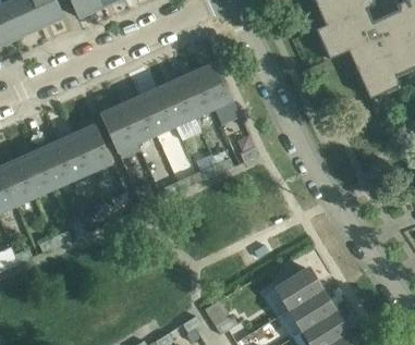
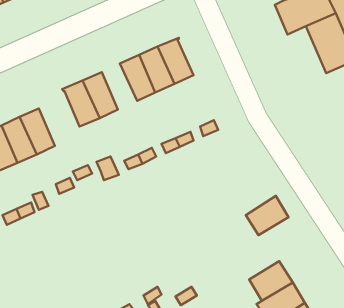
building: [139,88,175,135] -> none
building: [75,124,112,172] -> none
building: [277,268,320,308] -> [246,196,289,235]

